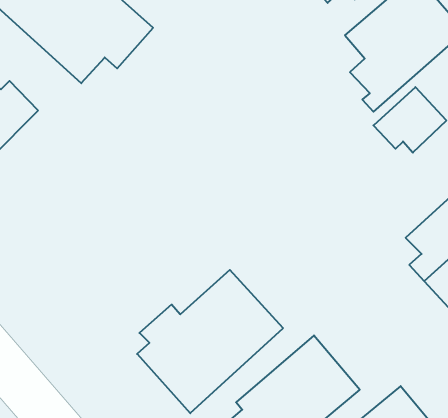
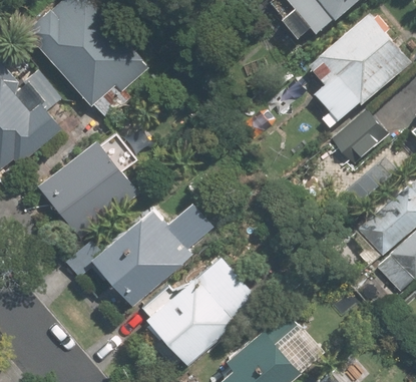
building: none -> [34,129,142,243]
building: none -> [88,202,214,308]

